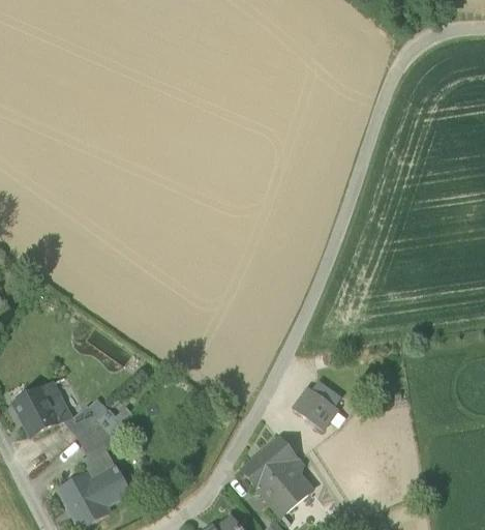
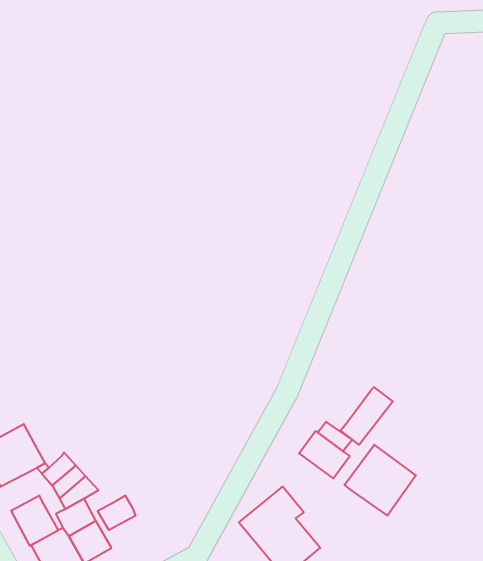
building: none -> [340,387,393,445]
building: none -> [344,445,416,516]
building: none -> [11,495,58,546]
building: none -> [98,495,136,530]

